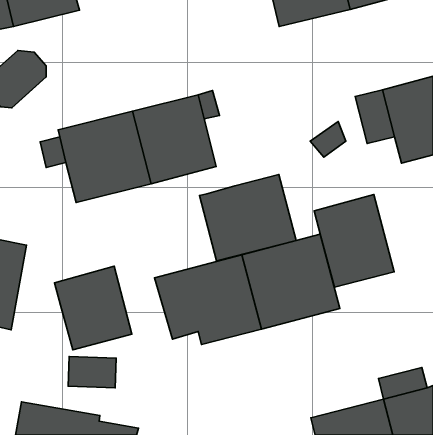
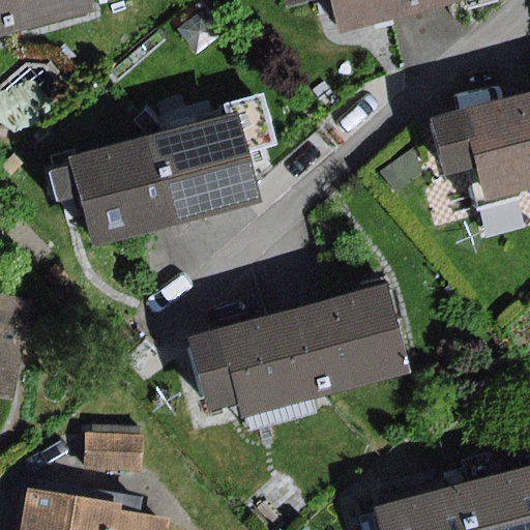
building: [199,175,296,261] -> none
building: [314,194,394,287] -> none
building: [55,266,132,350] -> none

